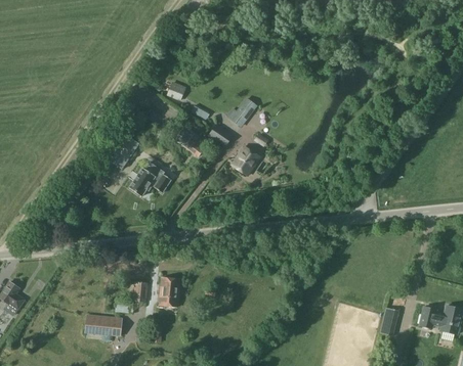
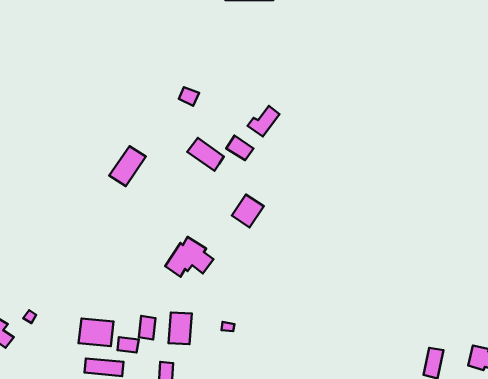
building: [232,146,259,175] -> [232,194,264,227]
building: [129,162,171,196] -> [165,237,213,277]
building: none -> [79,318,114,346]

